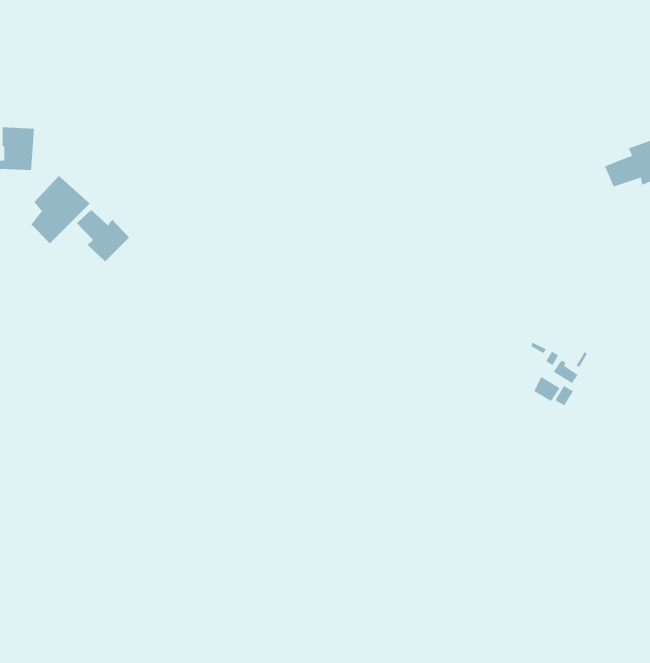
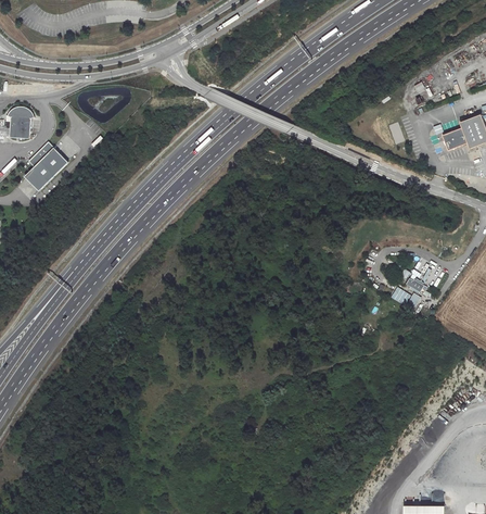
building: [76,209,130,262] -> none

